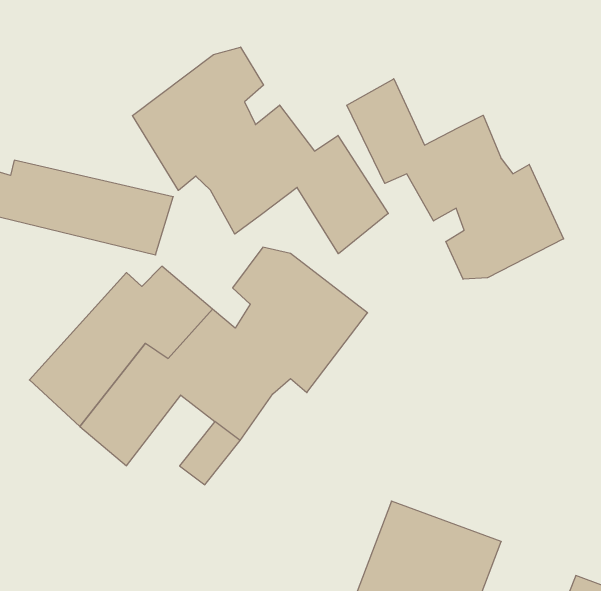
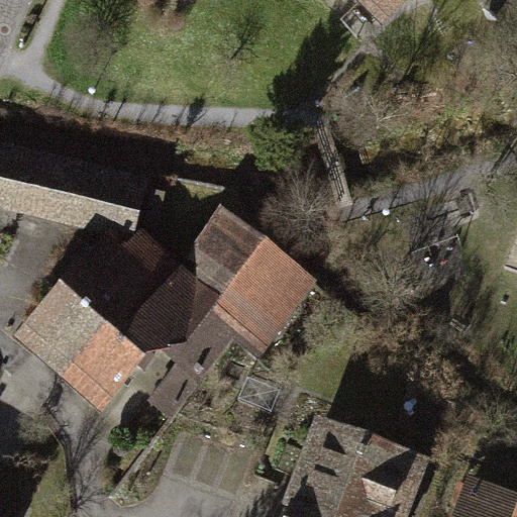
building: [132,47,388,254] -> none
building: [347,79,564,279] -> none

